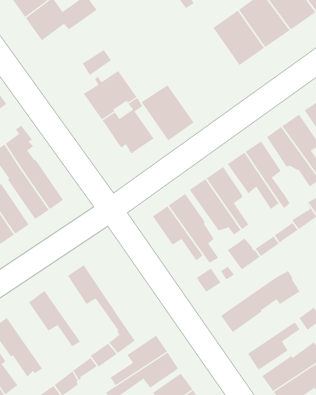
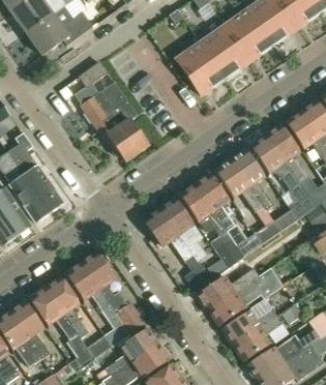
building: [141,84,194,141] -> [176,42,226,95]
building: none -> [82,251,145,332]
building: none -> [198,267,259,309]
building: none -> [46,275,89,337]
building: none -> [223,298,277,345]
building: none -> [10,300,52,358]

